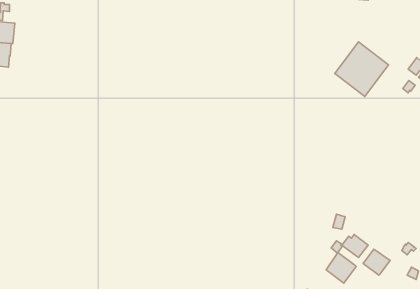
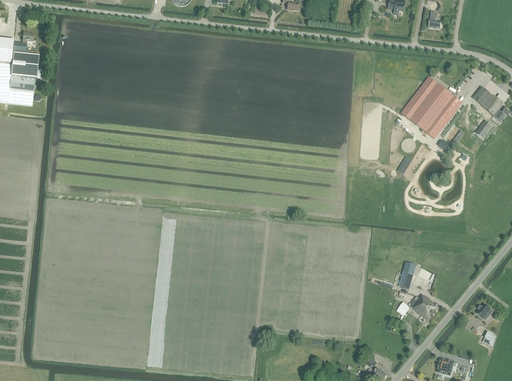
building: [363,249,390,275] -> none
building: [326,253,356,283] -> none

